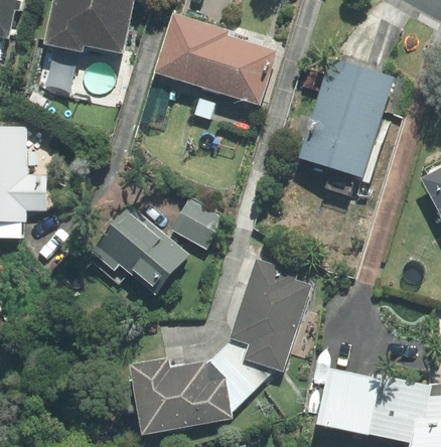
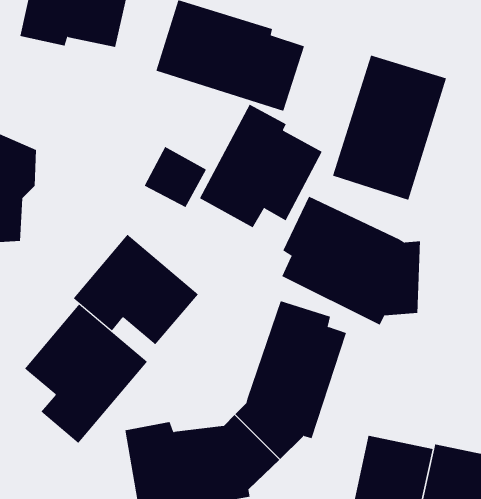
building: none -> [199,104,322,228]
building: none -> [282,196,420,325]
building: [171,198,223,249] -> [144,146,207,208]
building: none -> [24,304,148,444]

